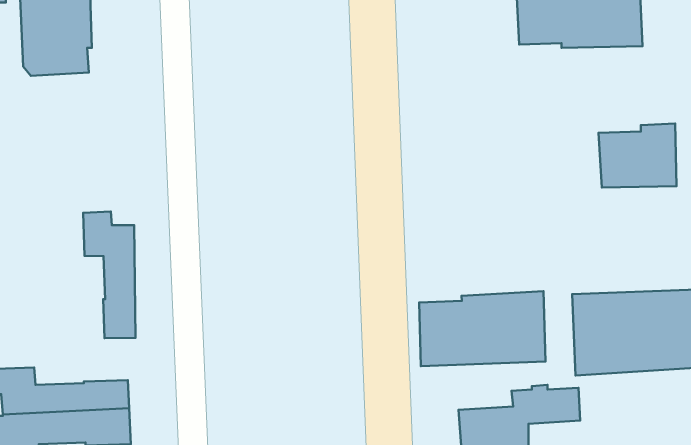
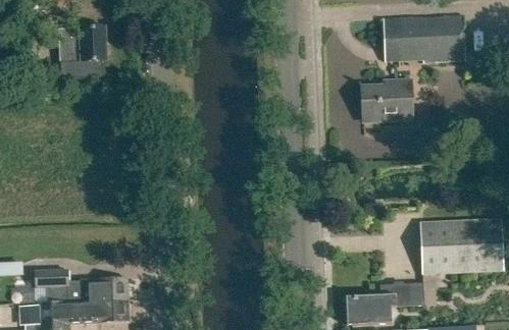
building: [599,124,677,188] -> [361,79,412,121]
building: [83,211,135,338] -> none
building: [419,291,546,366] -> none

